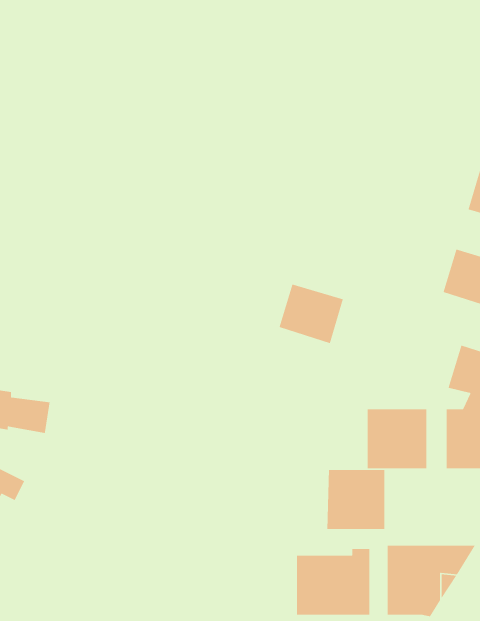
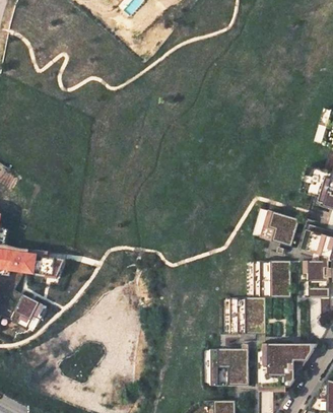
building: [278,284,344,344] -> [259,211,298,248]

